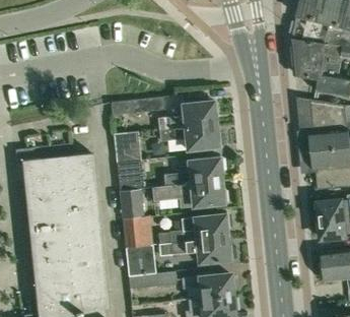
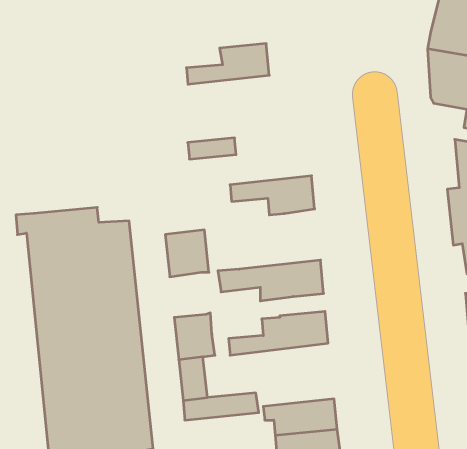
building: [158,102,214,129] -> [186,44,269,84]
building: [113,132,142,163] -> none
building: [163,157,220,186] -> none
building: [119,188,143,218] -> none
building: [159,236,228,262] -> none

